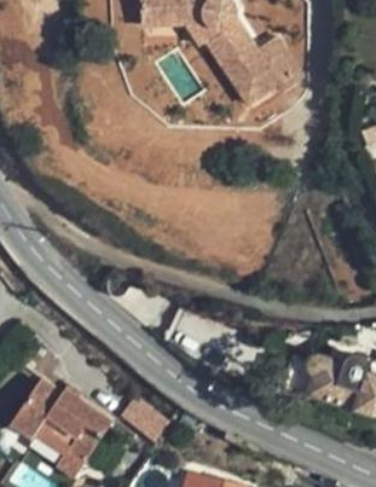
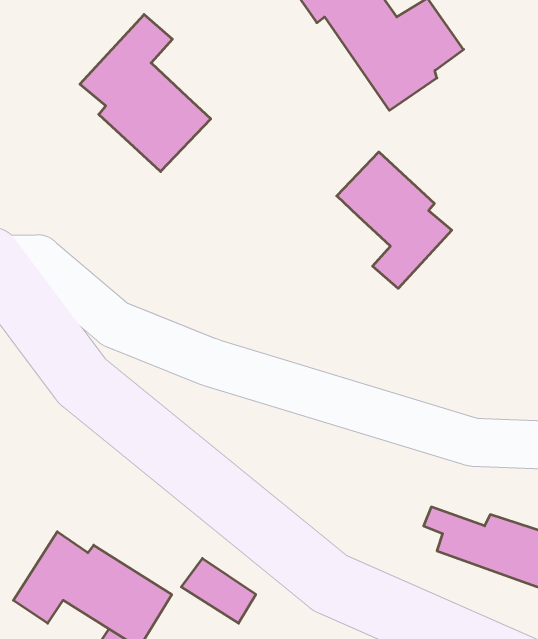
building: none -> [80,14,211,172]
building: none -> [337,152,452,288]

